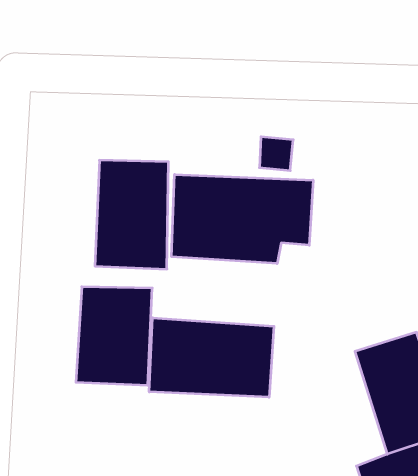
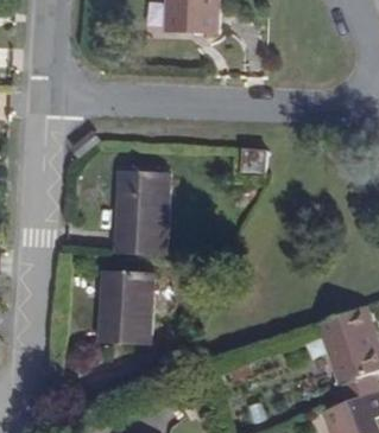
building: [172,174,313,264] -> none
building: [149,318,274,397] -> none

